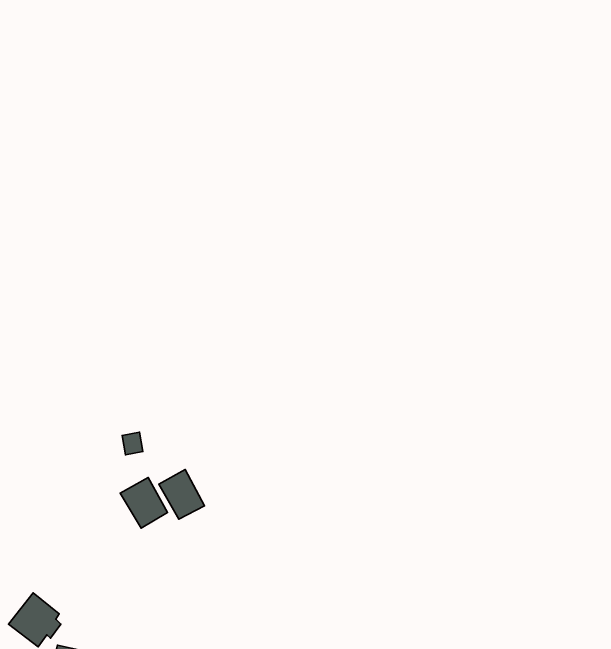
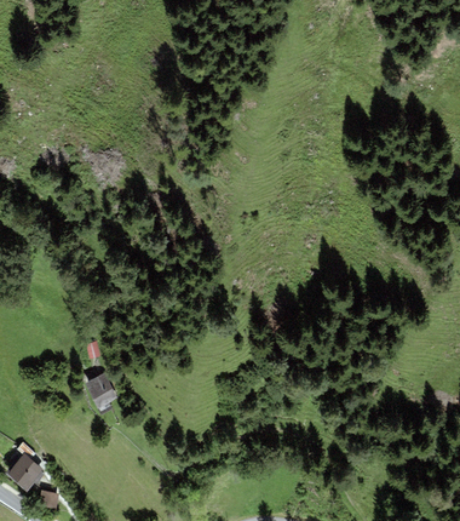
building: [159,469,204,519] -> none

